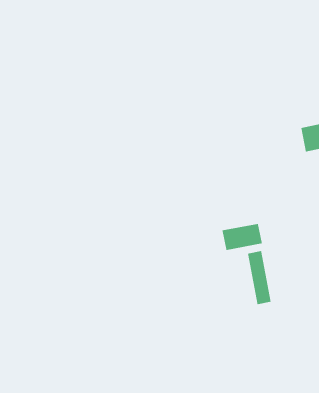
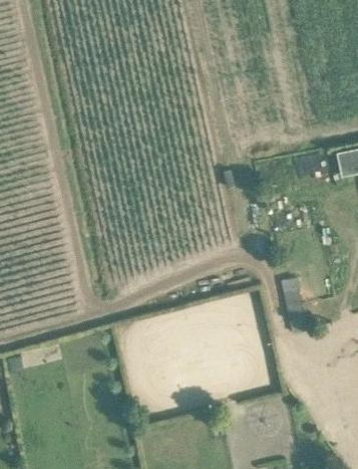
building: [222,223,262,251] -> none

